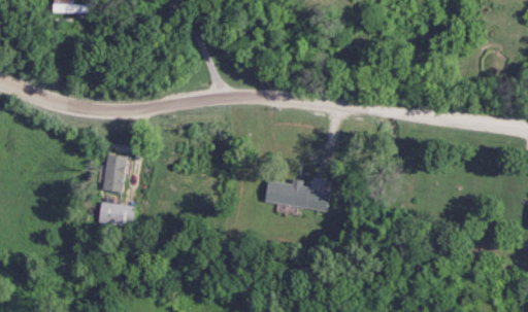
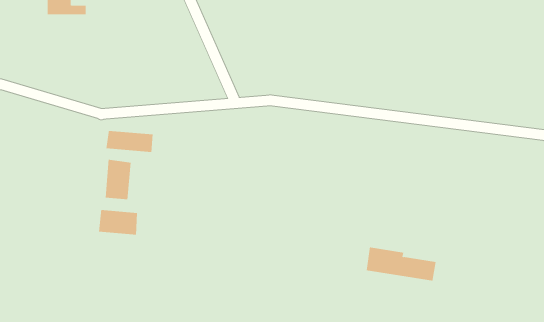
building: none -> [106,130,153,153]
building: [265,178,333,211] -> [366,247,436,281]

